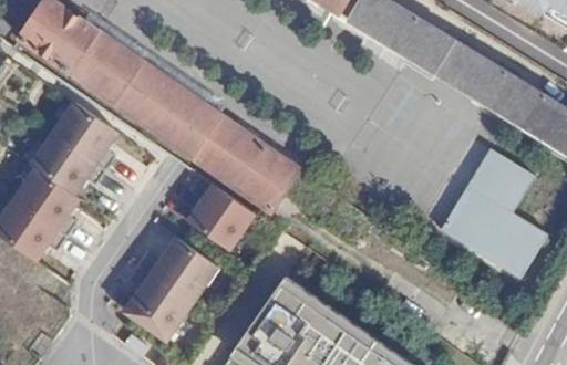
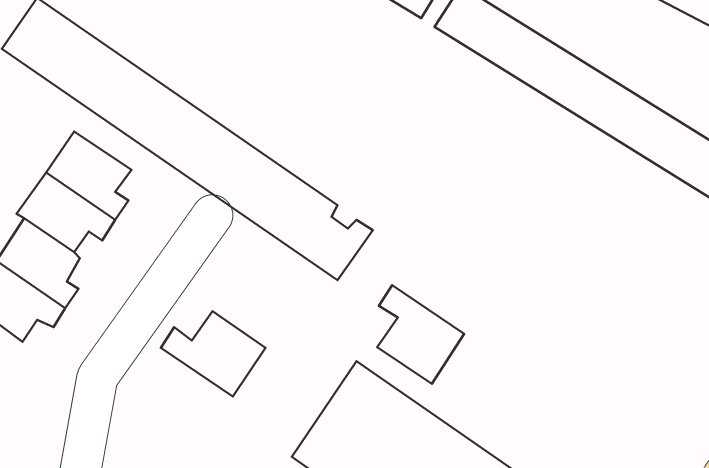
building: [436,155,543,283] -> none
building: [188,173,254,247] -> [377,285,464,384]
building: [126,263,192,336] -> none

